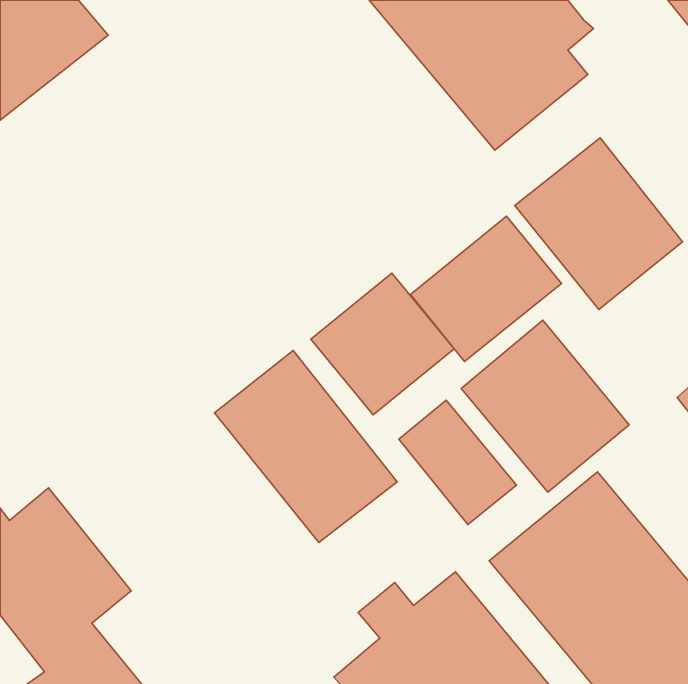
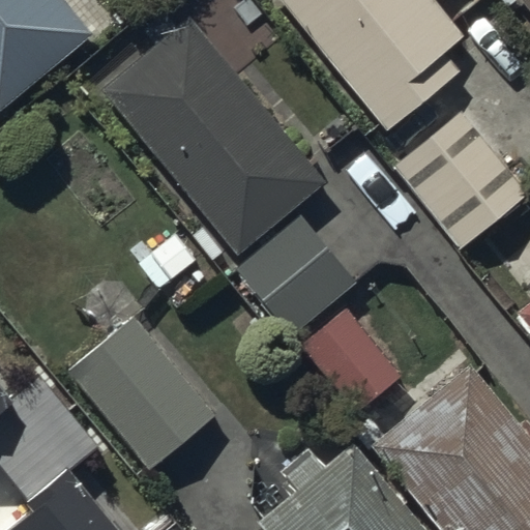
building: none -> [118,37,322,254]
building: [411,216,561,361] -> none
building: [461,320,629,492] -> none
building: [215,351,397,543] -> [73,317,213,464]

